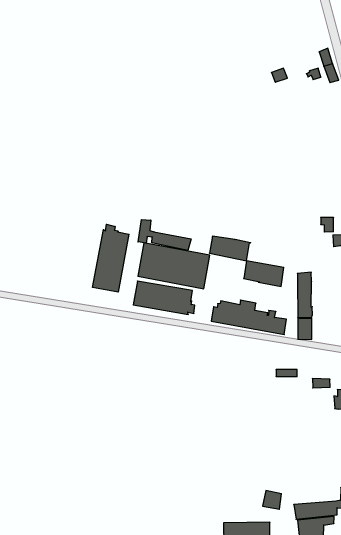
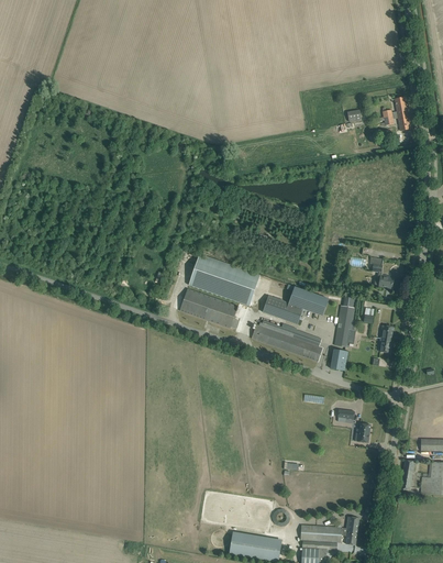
building: [138,220,191,251] -> none
building: [93,224,129,292] -> none
building: [209,236,251,261] -> [263,296,303,324]

